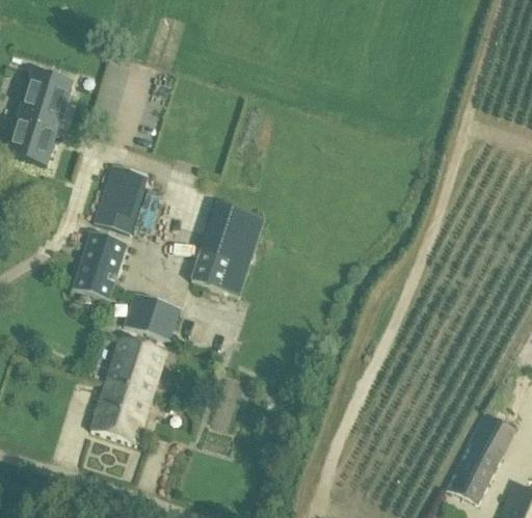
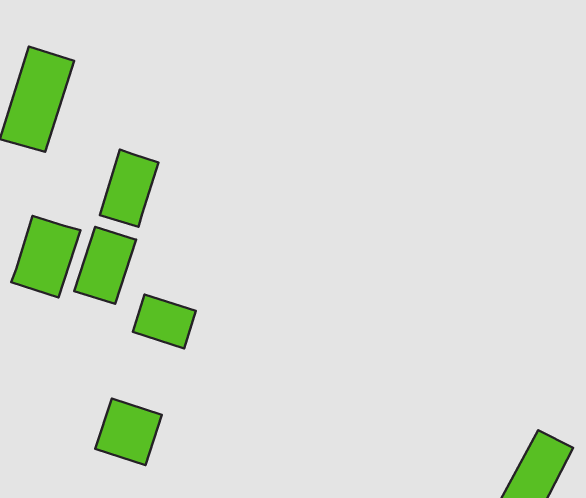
building: [192,200,265,295] -> none
building: none -> [11,216,80,298]
building: [106,336,166,399] -> none

